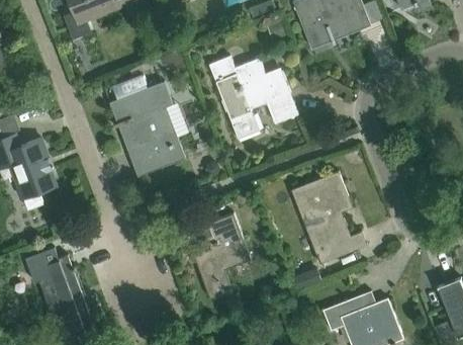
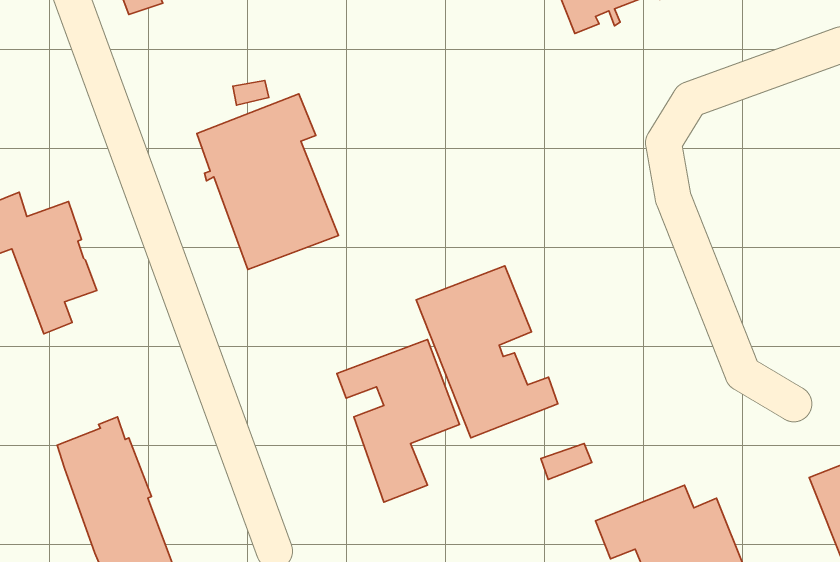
building: [210,57,299,138] -> none
building: [291,171,367,263] -> [416,266,558,438]

